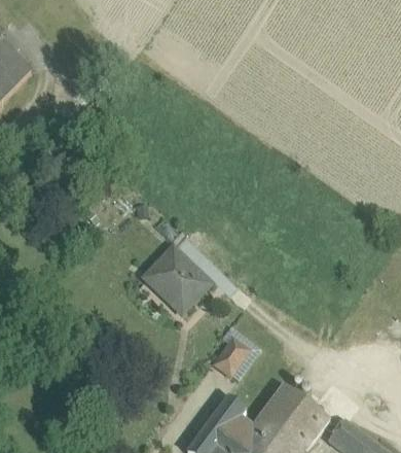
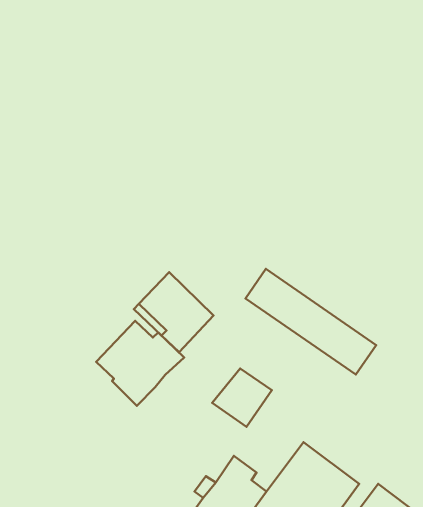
building: none -> [246,269,376,375]
building: none -> [96,321,184,406]

